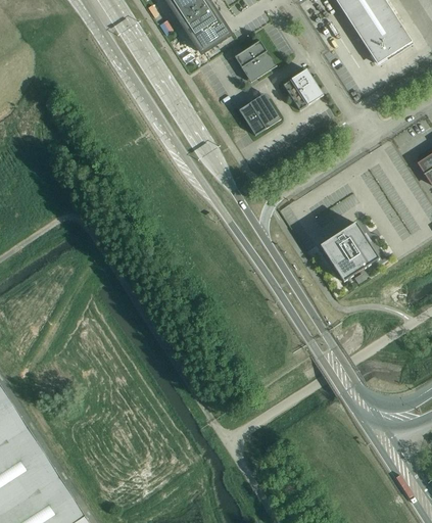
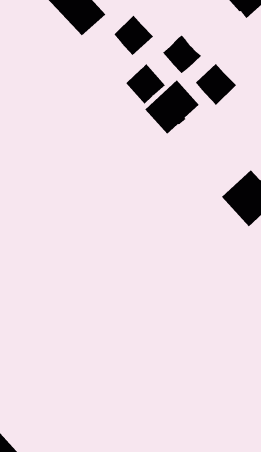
building: none -> [195,63,237,106]
building: none -> [144,80,199,134]

